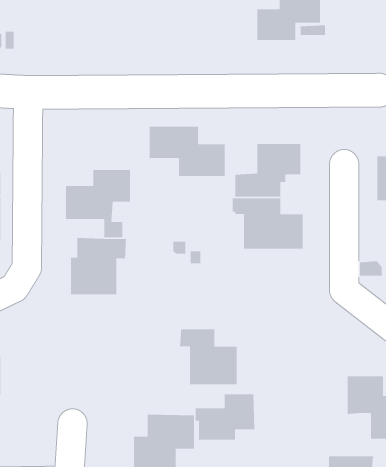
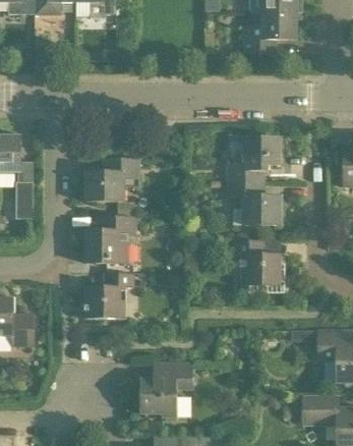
building: [149,126,225,177] -> none
building: none -> [86,272,134,319]
building: [179,329,237,385] -> [233,239,281,286]
building: [195,393,255,440] -> none

